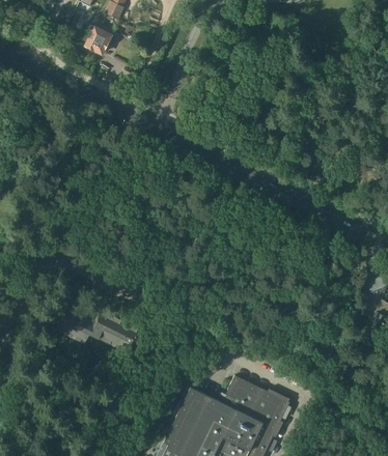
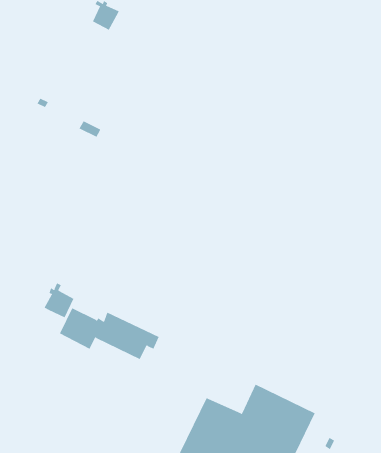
building: none -> [44,282,74,318]

